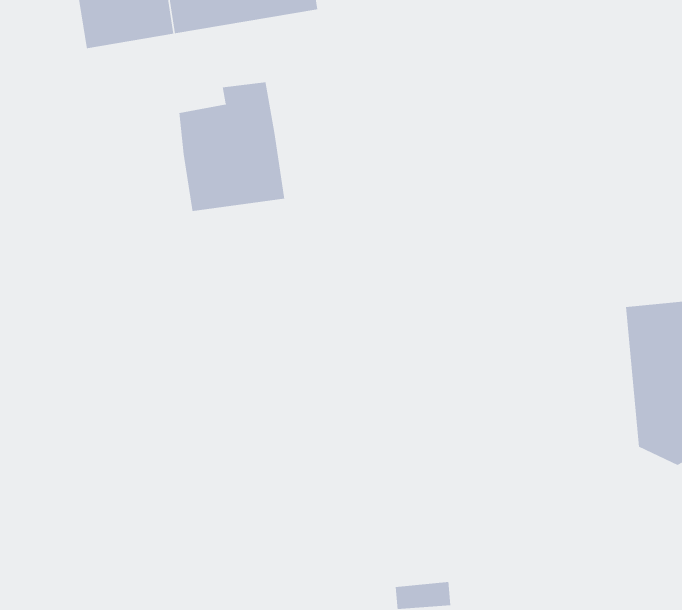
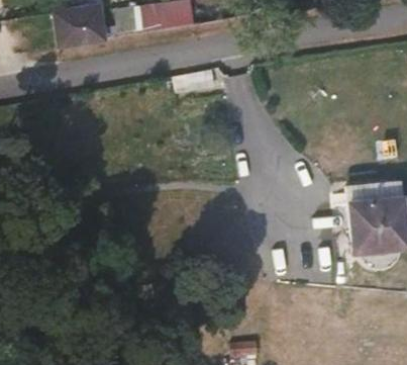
building: [179,81,285,212] -> none

